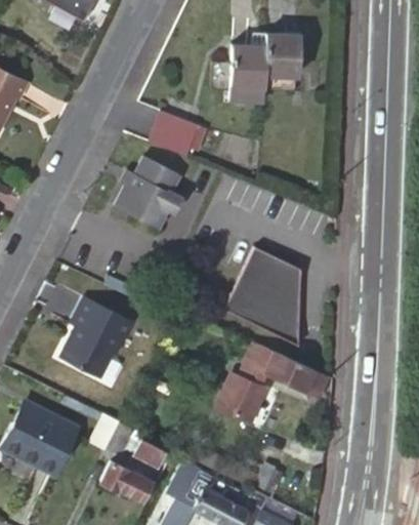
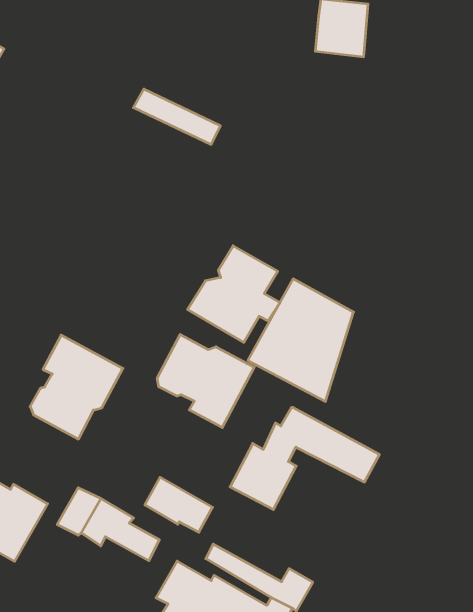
building: [228,45,263,96] -> none
building: [115,154,184,227] -> [188,246,280,342]
building: none -> [157,334,254,428]
building: [100,461,152,501] -> [145,477,213,532]

